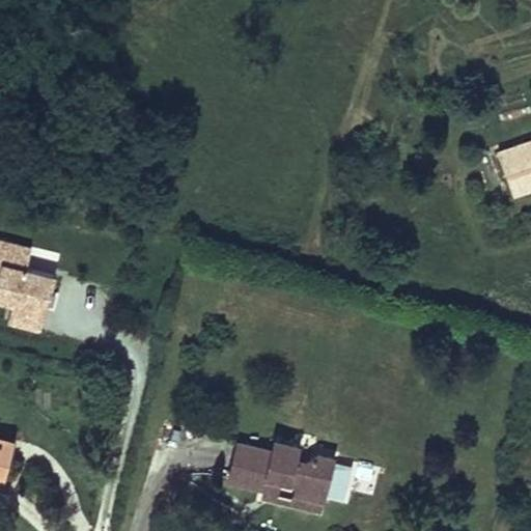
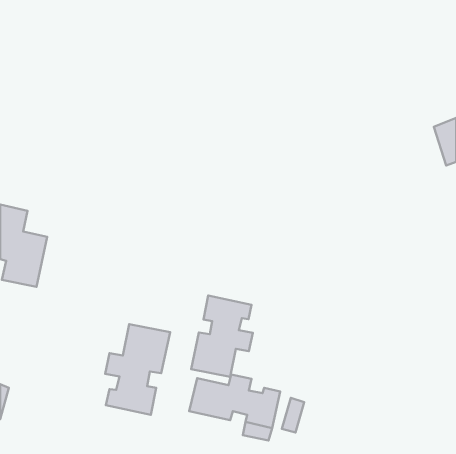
building: none -> [191,295,253,377]
building: none -> [105,324,170,415]

